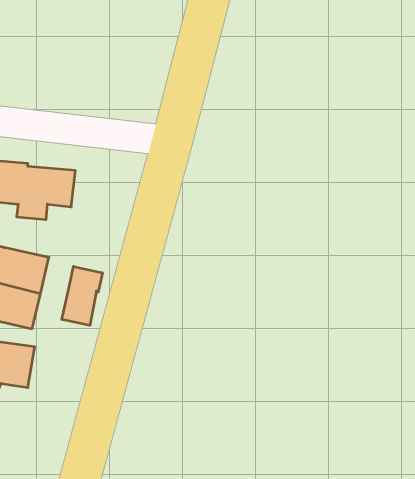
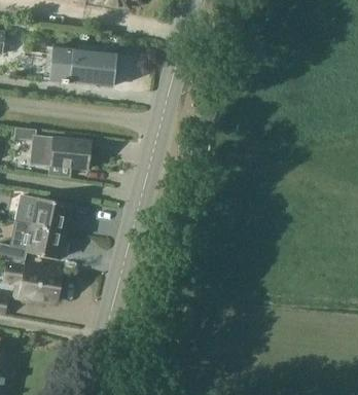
building: none -> [49,45,115,87]
building: [62,266,102,325] -> none

